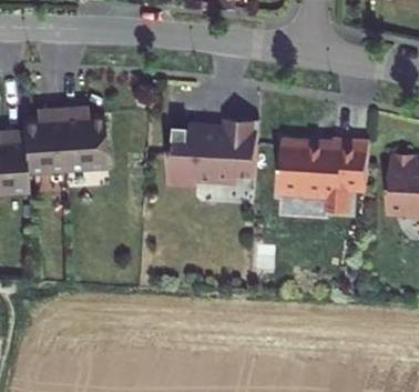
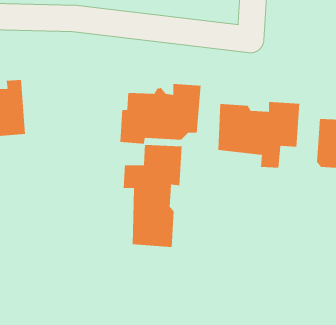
building: [59,114,103,175] -> none
building: none -> [123,144,182,248]

